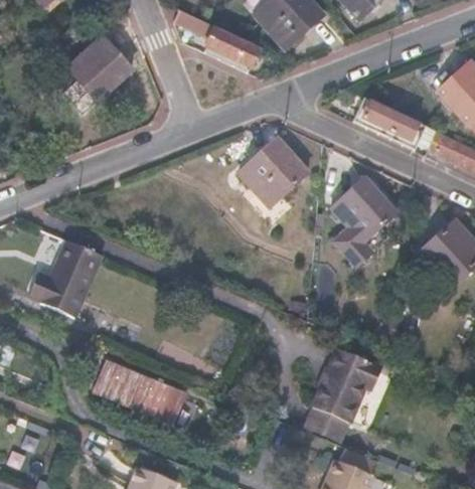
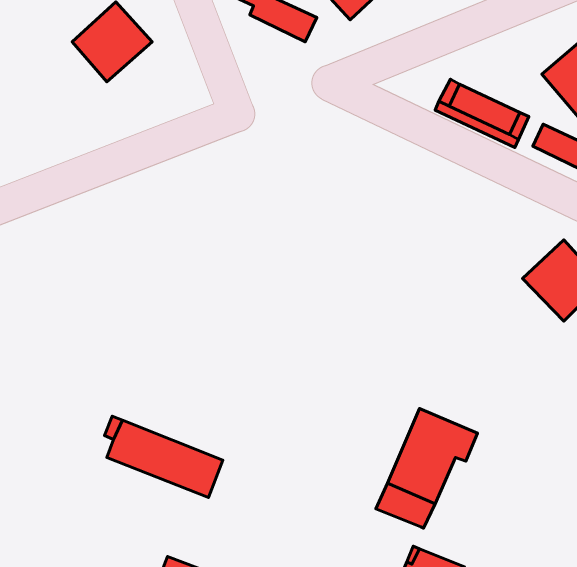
building: [238,138,307,220] -> none
building: [329,177,395,266] -> none
building: [26,239,101,317] -> none

